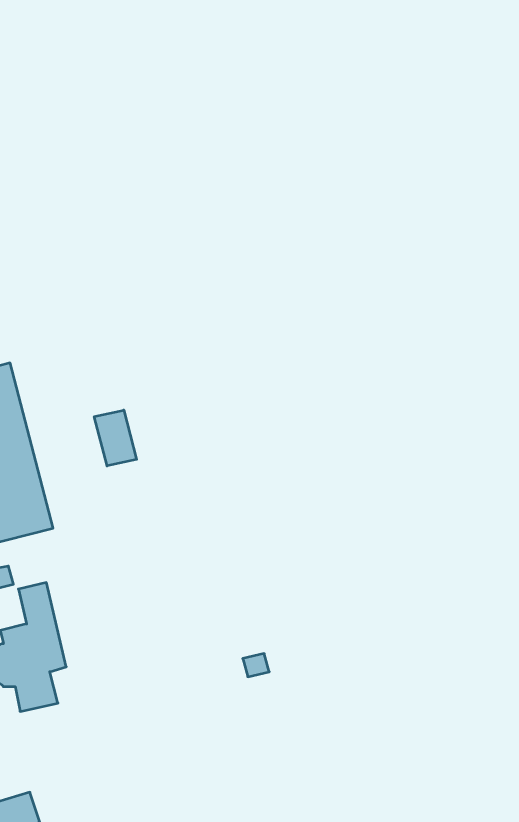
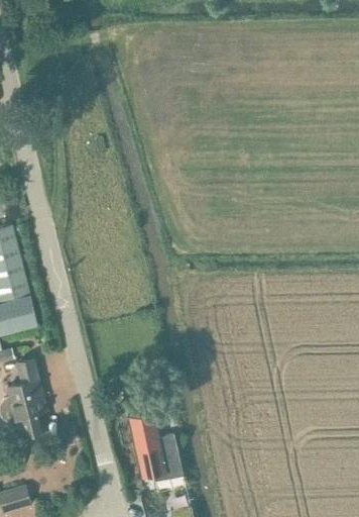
building: [94,410,137,466] -> none
building: none -> [130,414,182,482]

